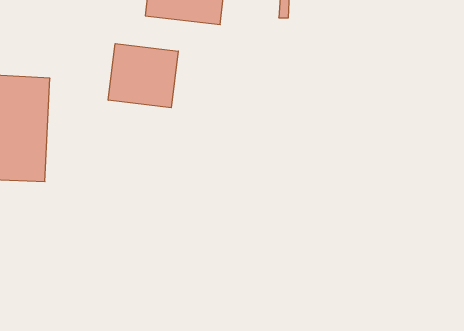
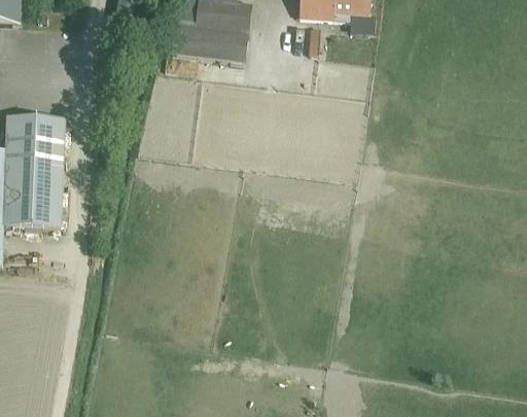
building: [108,44,178,108] -> none

